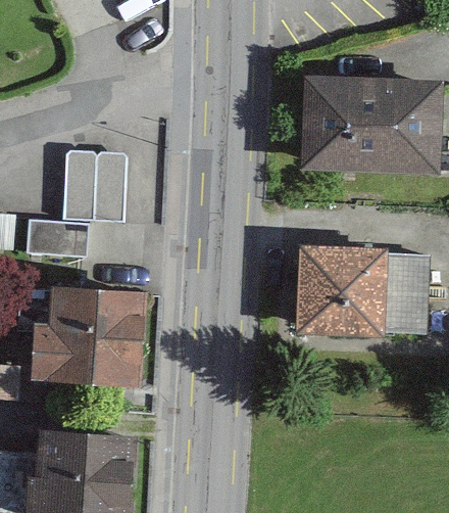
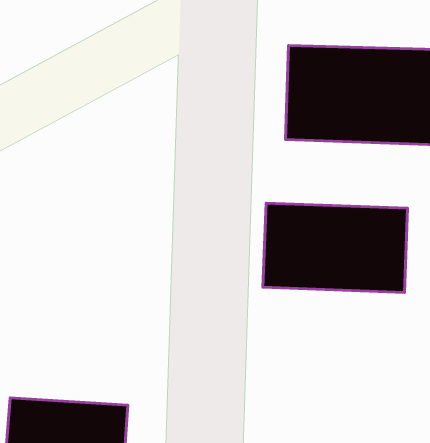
building: [28,149,126,256] -> none
building: [26,288,149,389] -> none

